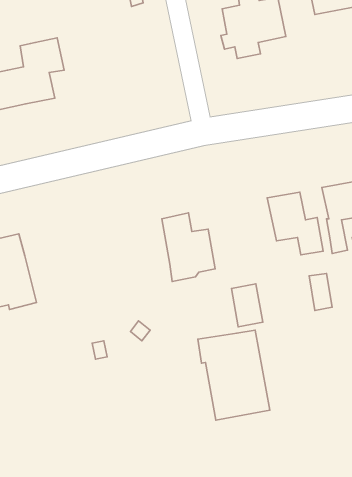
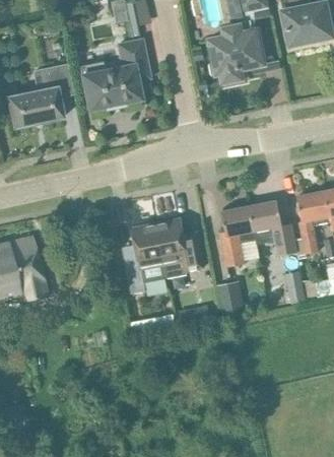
building: none -> [80,40,149,111]
building: none -> [219,205,256,267]
building: none -> [122,223,165,293]
building: [198,330,270,420] -> none

